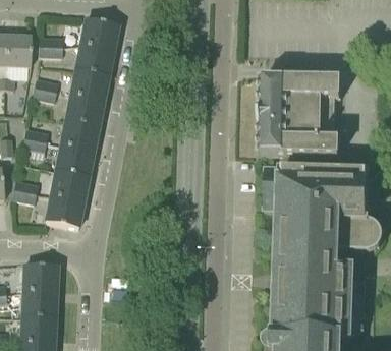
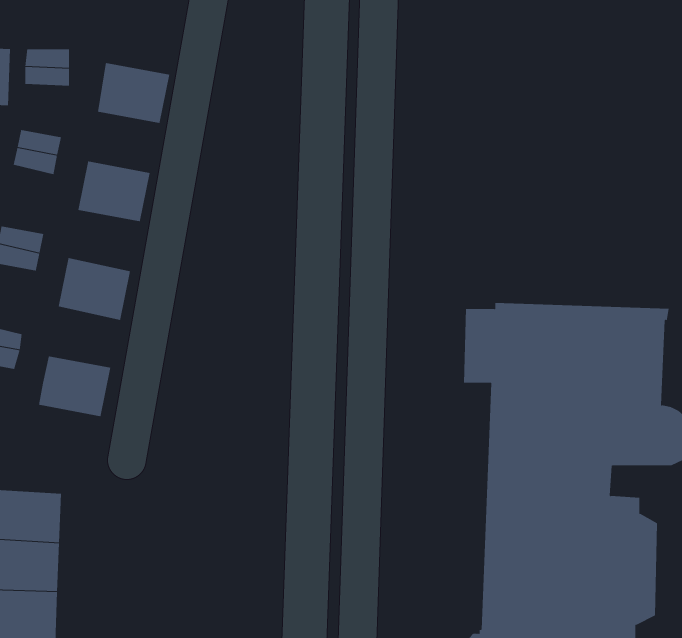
building: [79,19,118,51] -> none
building: [70,70,108,102] -> none
building: [259,80,341,158] -> none
building: [60,121,98,153] -> none
building: [50,171,88,202] -> none

